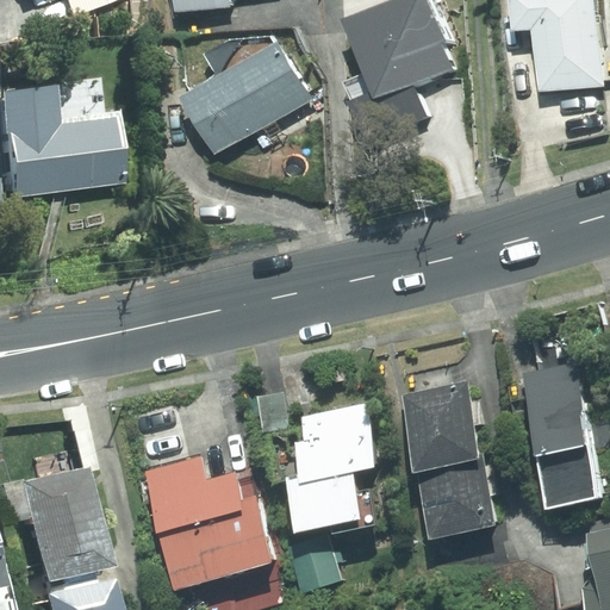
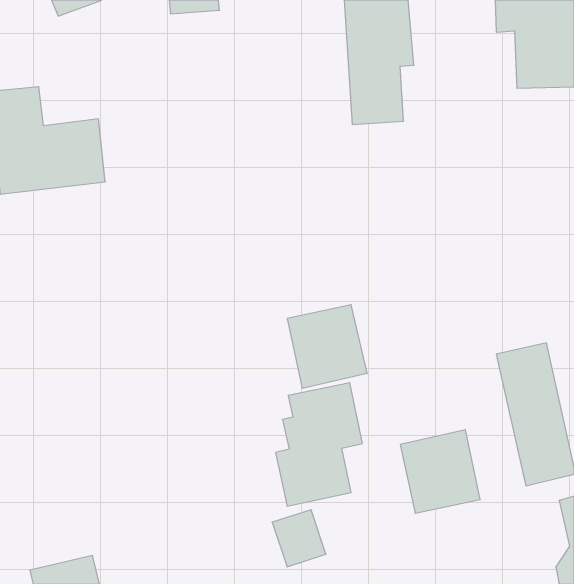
building: [187,48,315,157] -> none
building: [402,376,485,463] -> [287,305,367,388]
building: [142,454,270,589] -> none
building: [5,465,92,581] -> none

